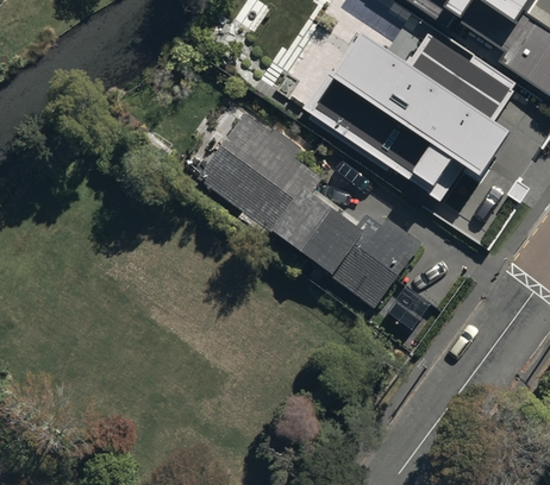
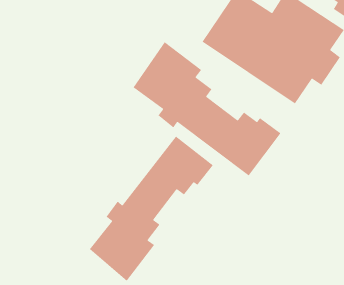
building: none -> [89,136,214,282]

